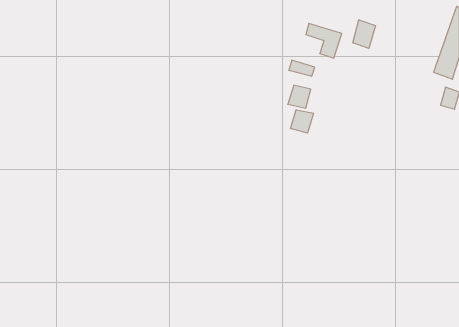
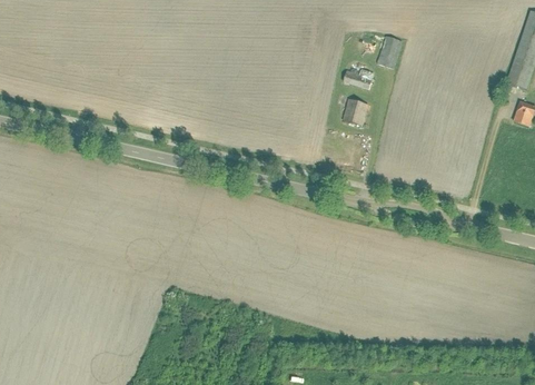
building: [353,20,376,48] -> none
building: [291,110,313,133] -> none

